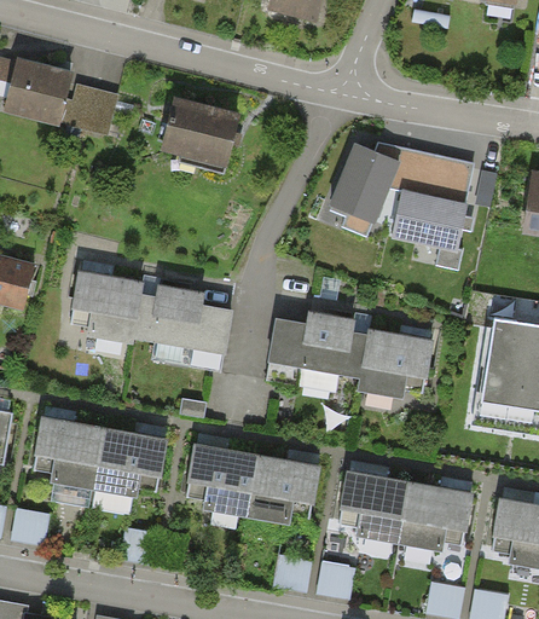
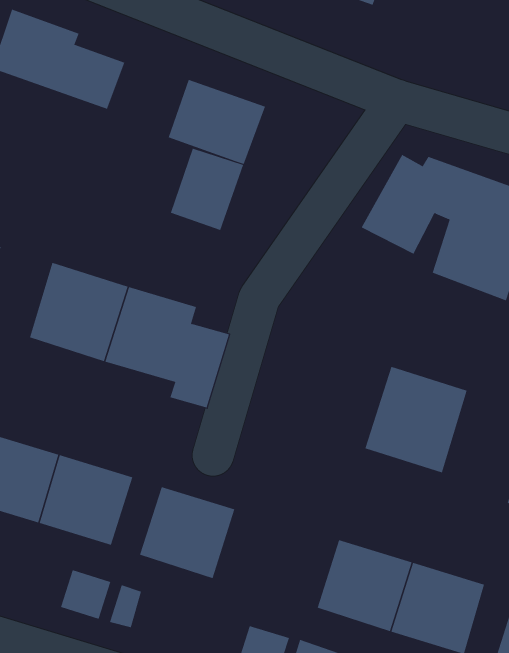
building: none -> [170,148,244,231]
building: [263,310,370,392] -> none
building: [244,456,318,527] -> none

